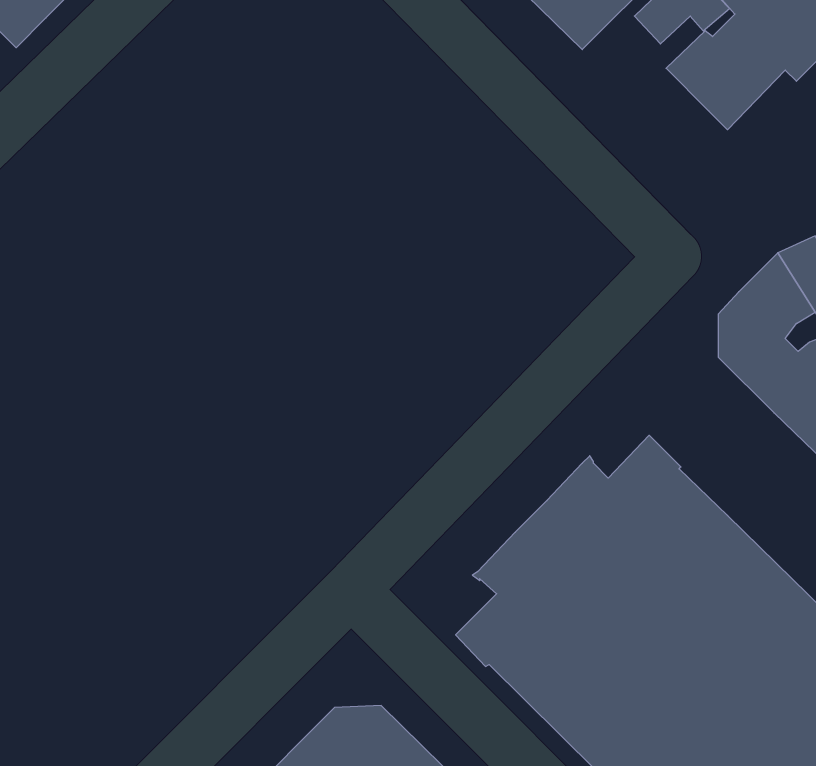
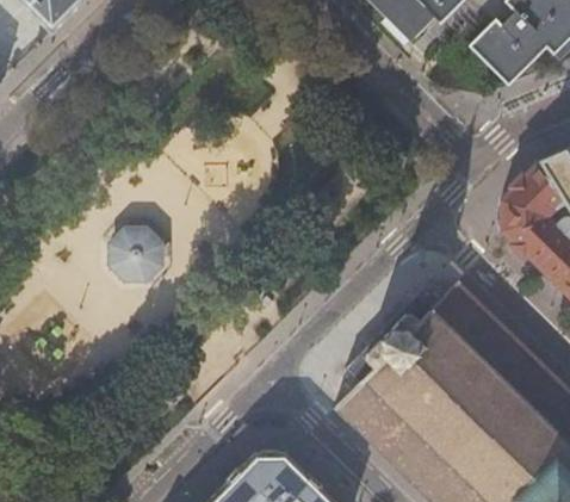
building: none -> [110,233,157,280]

